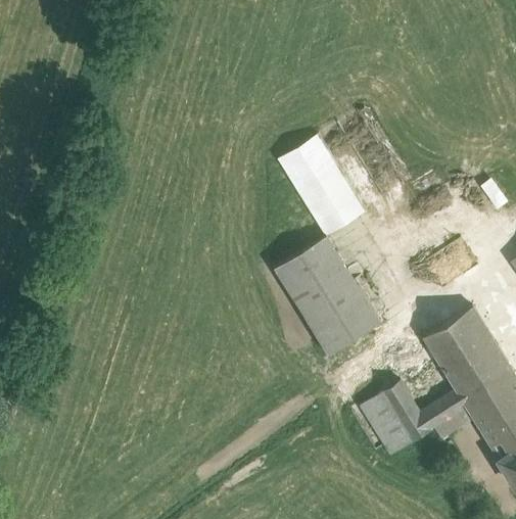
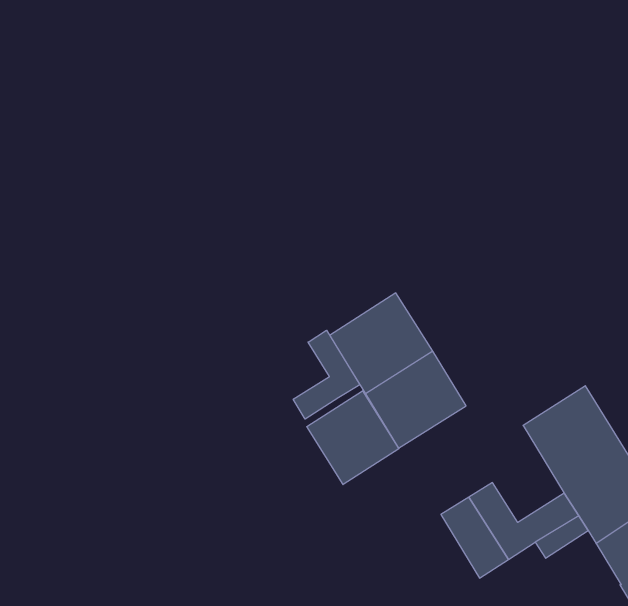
building: [279,136,366,236] -> none
building: none -> [293,330,360,419]
building: none -> [307,391,399,485]

